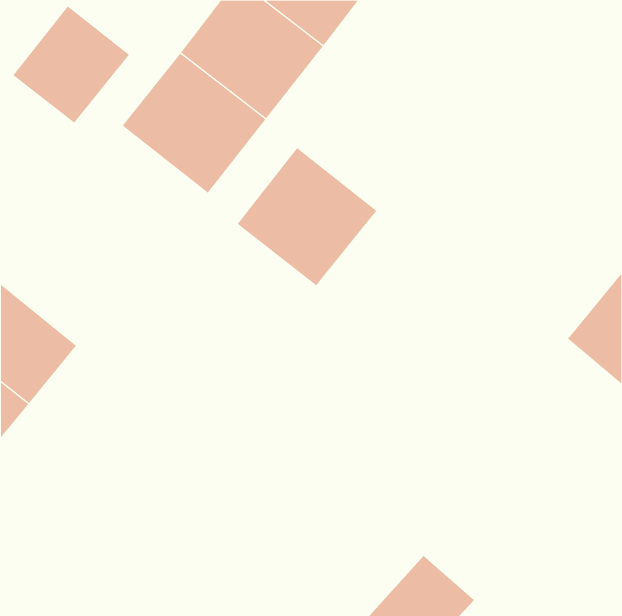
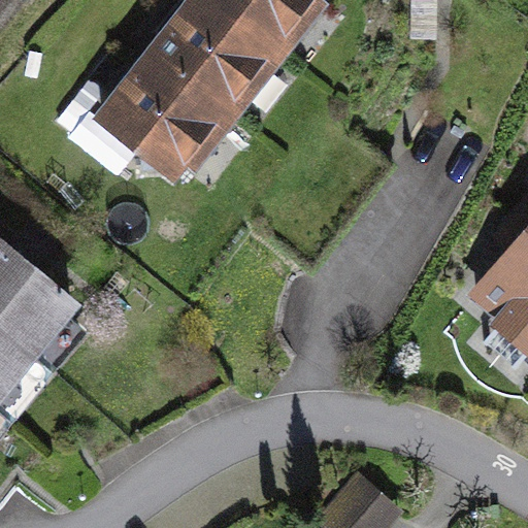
building: [13,6,130,124] -> none
building: [237,147,377,286] -> none

